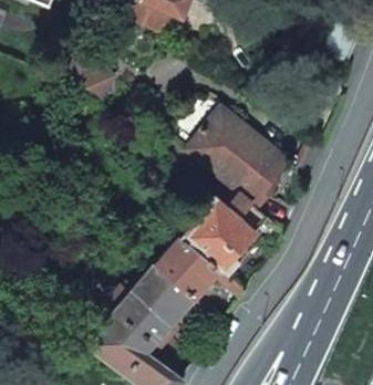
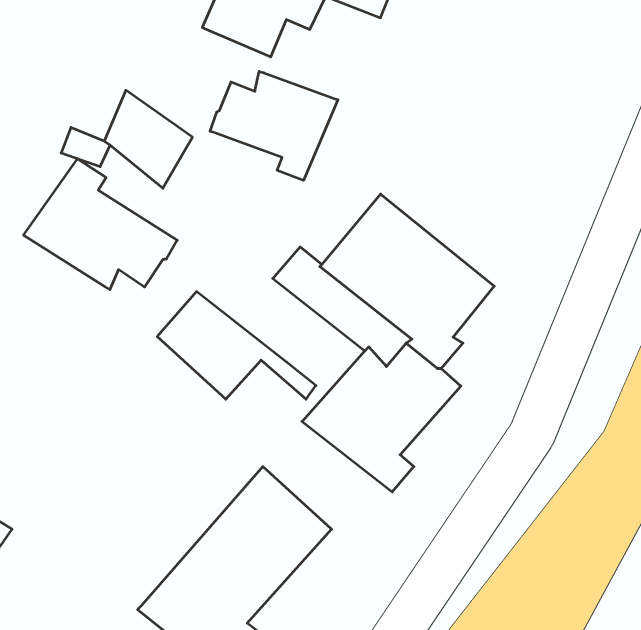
building: none -> [210,71,338,180]
building: none -> [24,159,177,290]
building: [156,239,246,300] -> [157,292,316,399]

